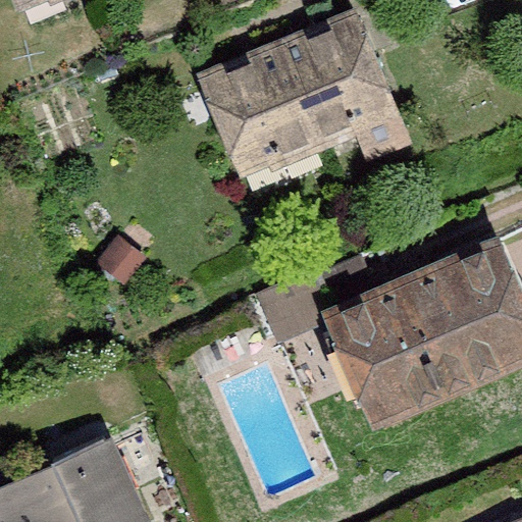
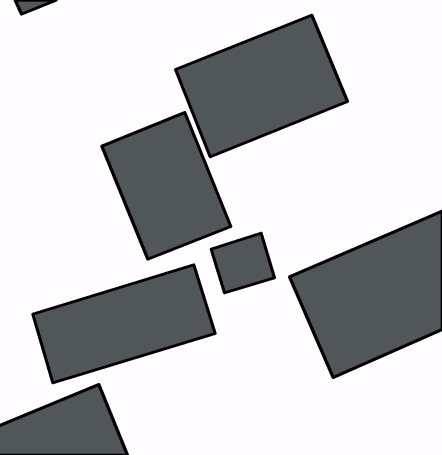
building: none -> [102,112,231,259]
building: none -> [33,265,215,383]

